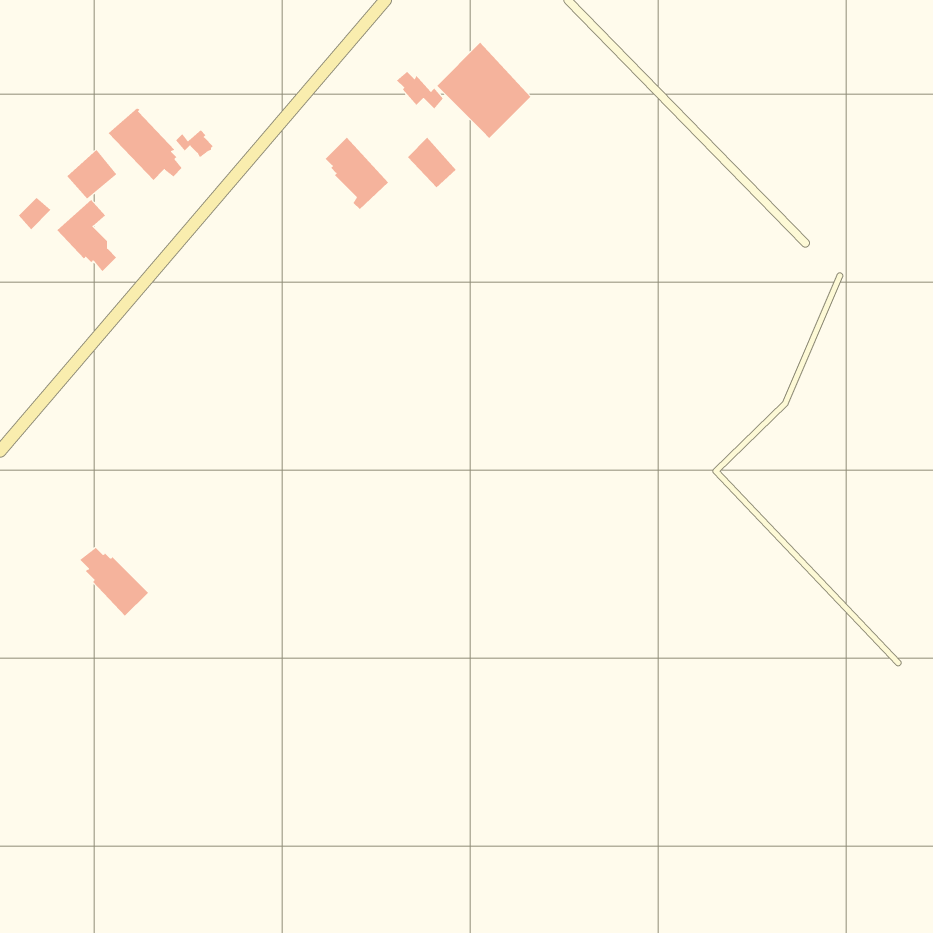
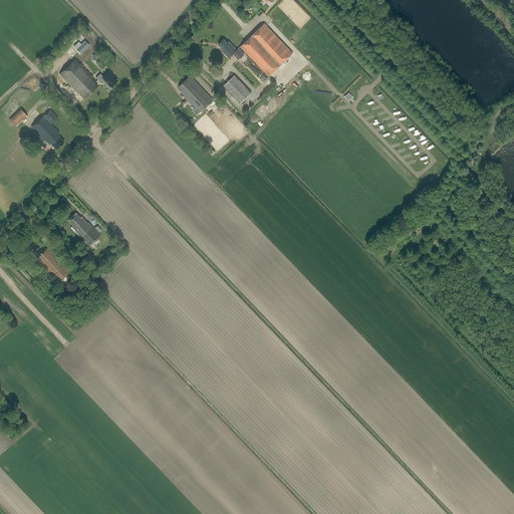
building: [67,149,117,200] -> none
building: none -> [68,213,100,246]
building: [79,547,149,616] -> [33,245,71,283]

